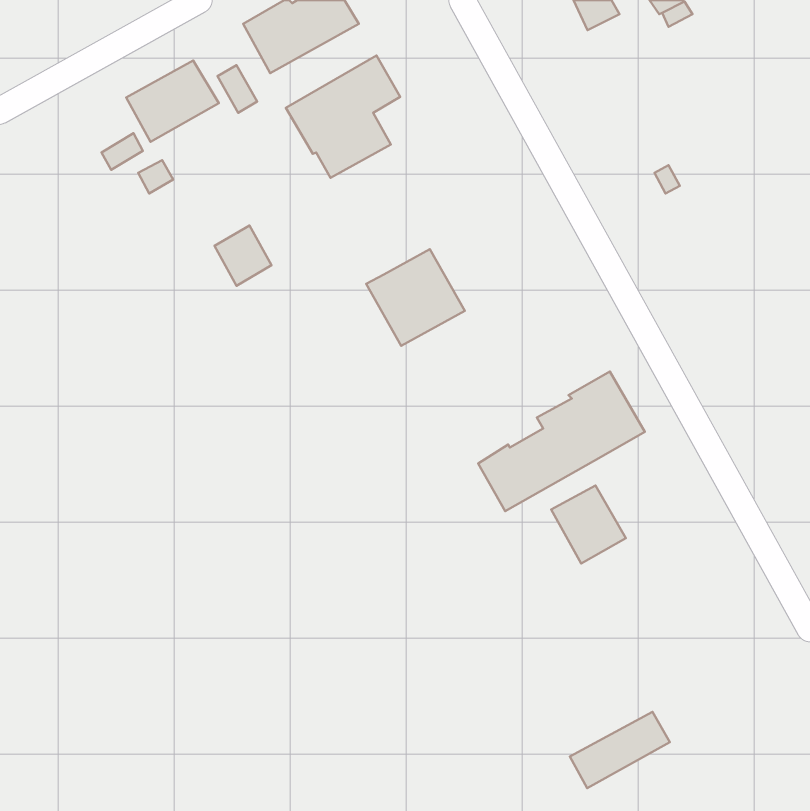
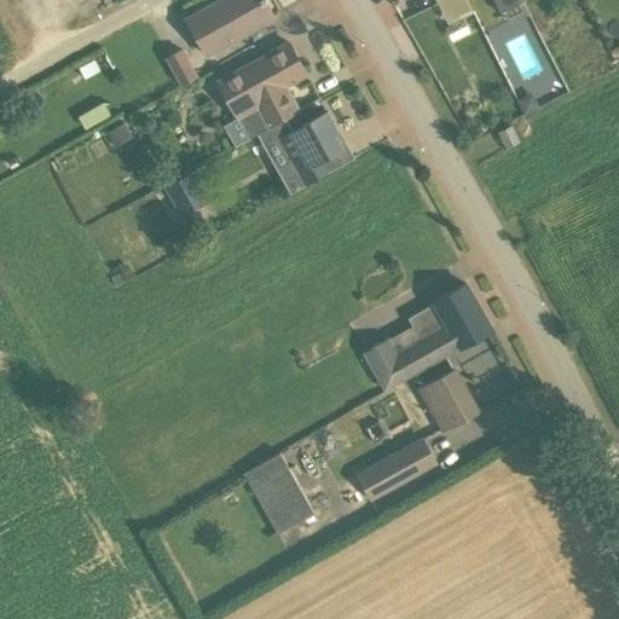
building: [126,60,219,142] -> none
building: [366,249,465,346] -> [277,111,352,185]
building: none -> [242,452,314,536]
building: [570,712,670,788] -> [358,440,434,498]

